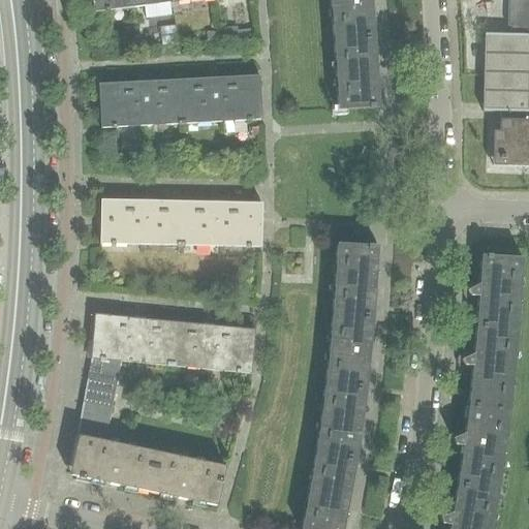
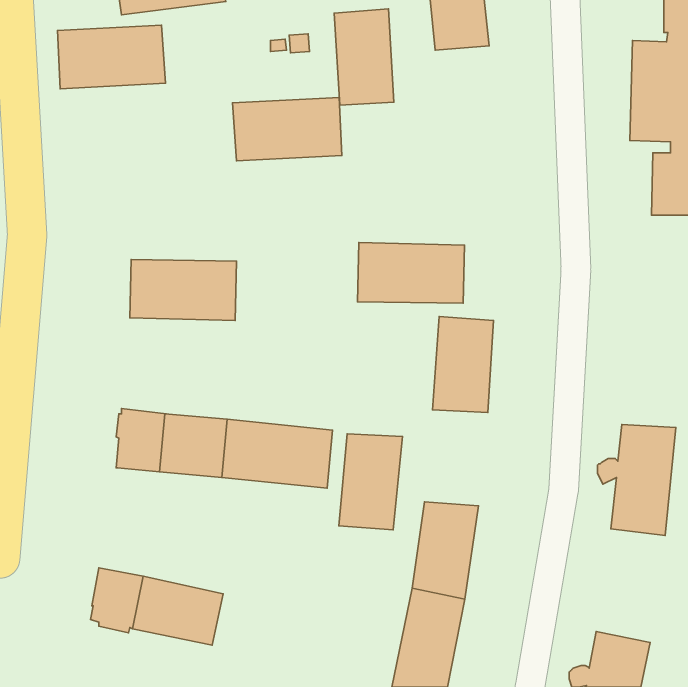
building: [335,35,380,108] -> [334,9,394,105]
building: [100,79,183,127] -> [58,25,166,89]
building: [182,199,263,246] -> [358,242,464,303]
building: [465,253,524,326] -> none
building: [326,313,375,386] -> [339,434,402,530]
building: [77,357,124,440] -> none
building: [449,404,510,491] -> none
building: [164,454,226,504] -> none

